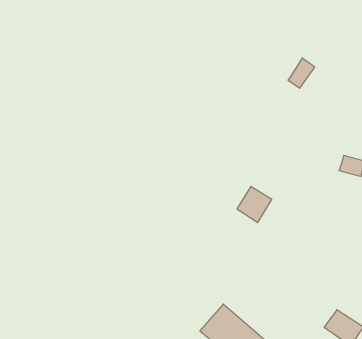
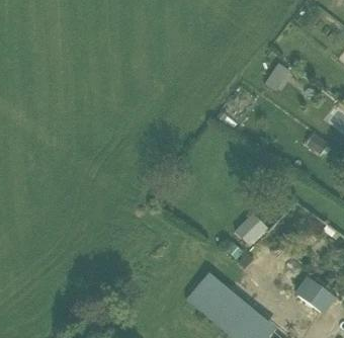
building: [237,187,272,223] -> [234,213,264,244]

